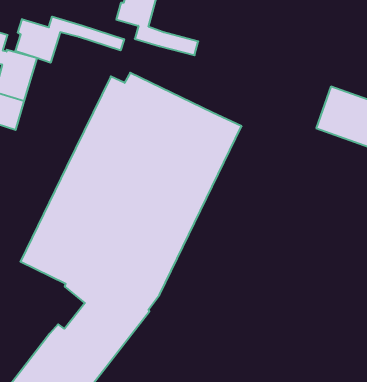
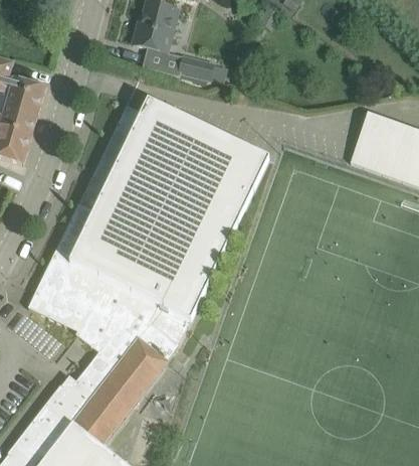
building: [15,17,124,63] -> none

